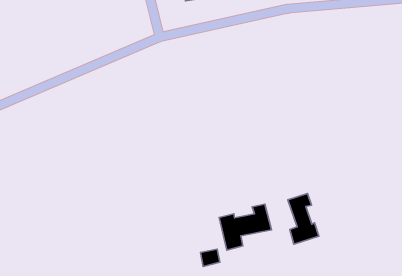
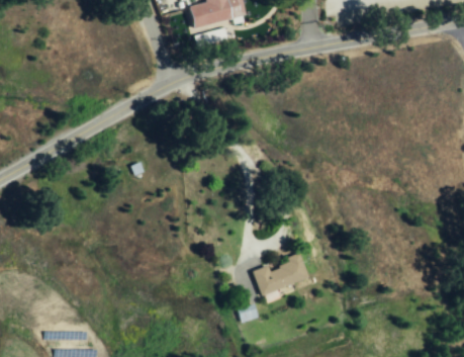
building: [288,194,319,244] -> none

